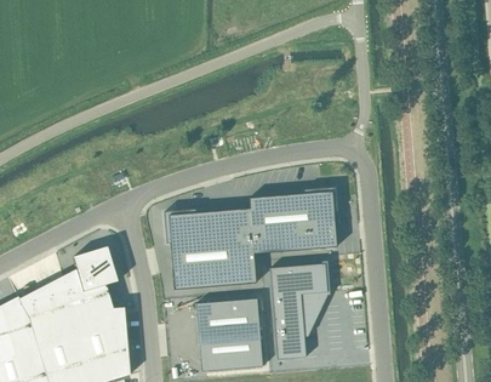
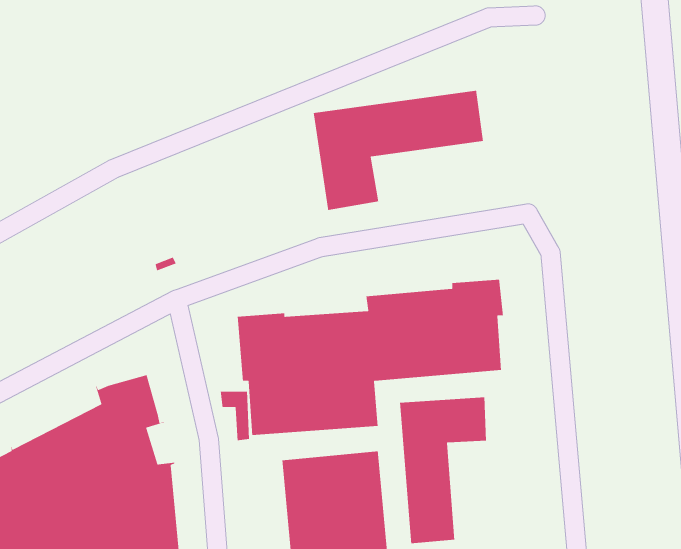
building: none -> [313,90,484,211]

